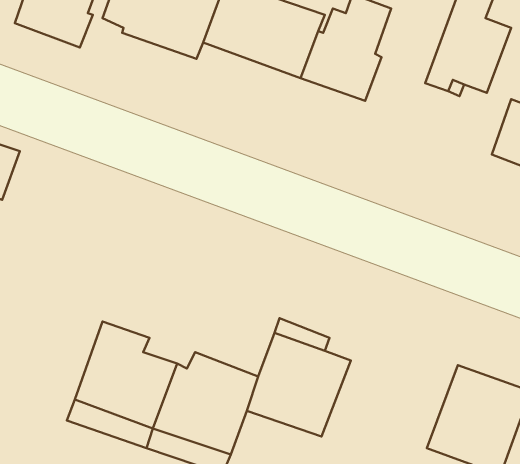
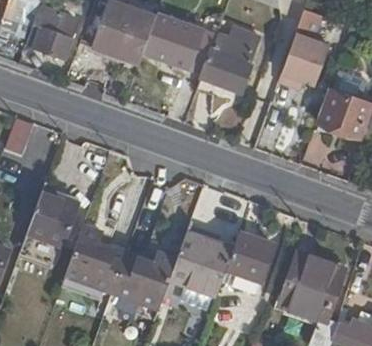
building: none -> [26,189,77,246]
building: none -> [229,234,276,283]

